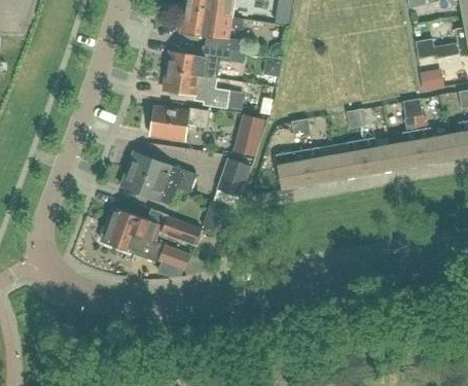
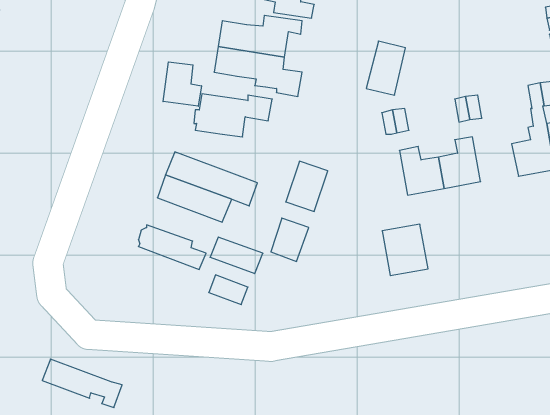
building: none -> [163,62,201,106]
building: [233,114,263,155] -> [366,41,405,95]
building: [360,138,395,174] -> none
building: [276,150,311,189] -> [382,224,428,276]
building: [100,223,160,260] -> [42,359,122,408]

